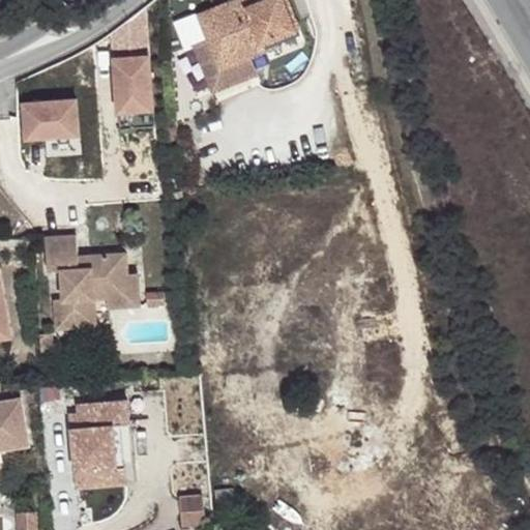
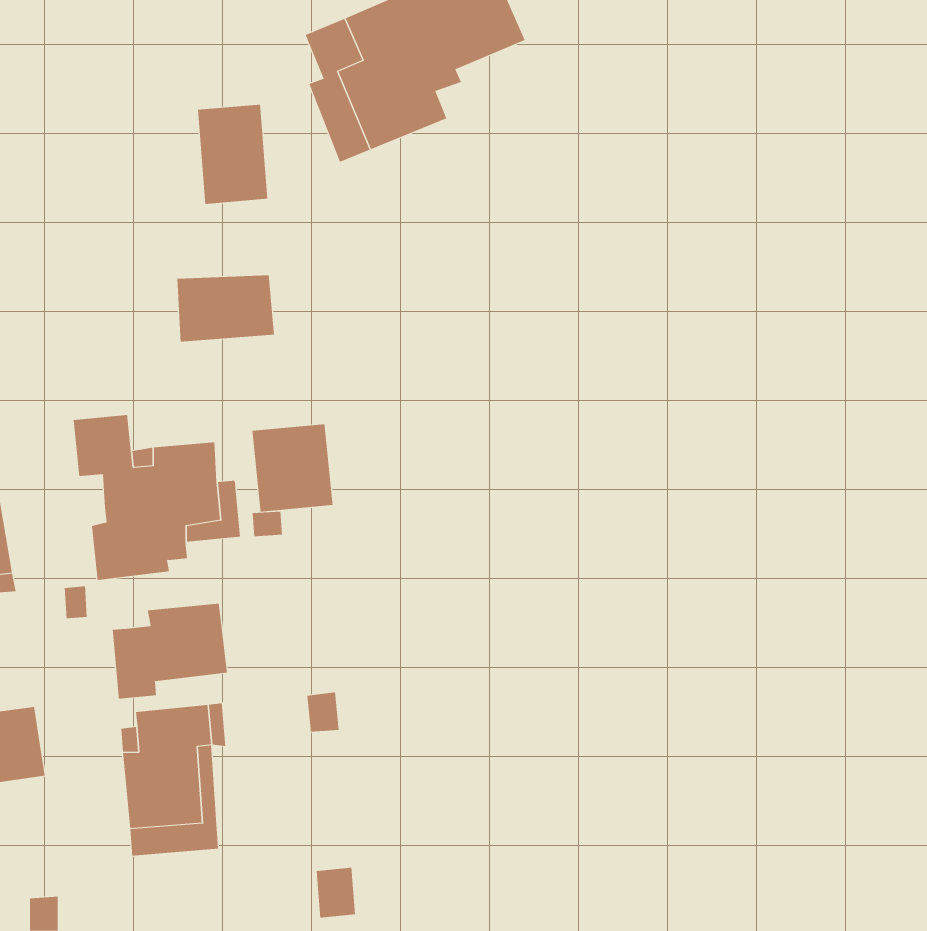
building: [22,104,78,142] -> [176,275,275,342]
building: none -> [252,423,333,512]
building: none -> [112,603,227,700]

